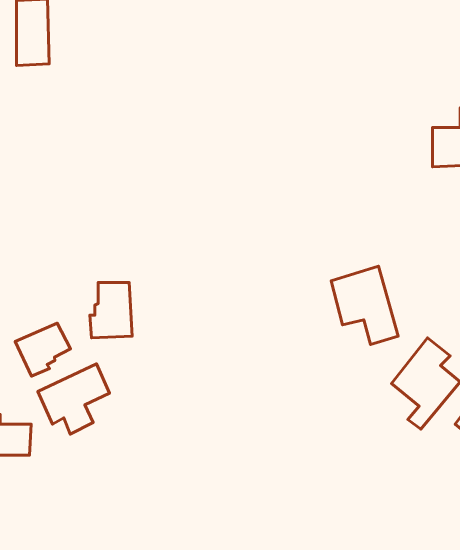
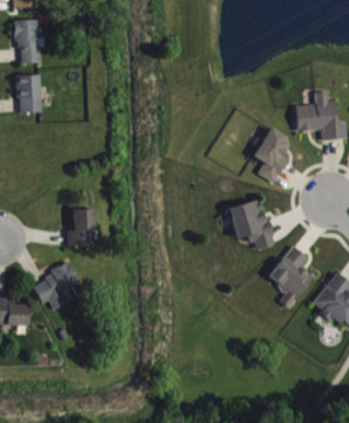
building: none -> [18,74,42,113]
building: none -> [254,129,292,183]
building: [15,323,70,376] -> none

